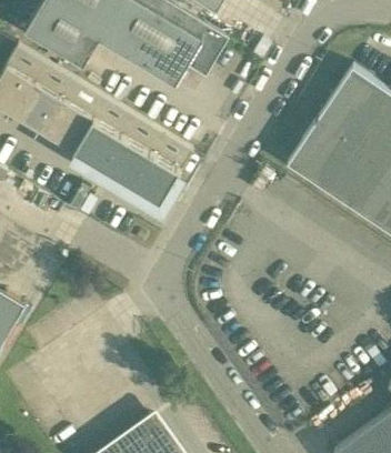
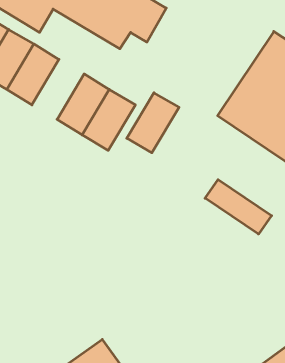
building: [74,99,134,168] -> [127,93,179,153]
building: none -> [205,180,272,234]

